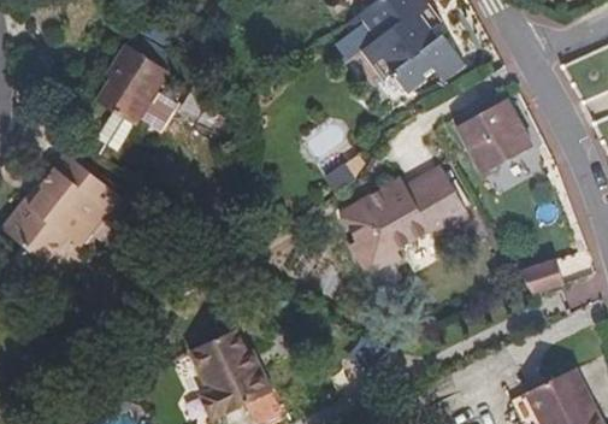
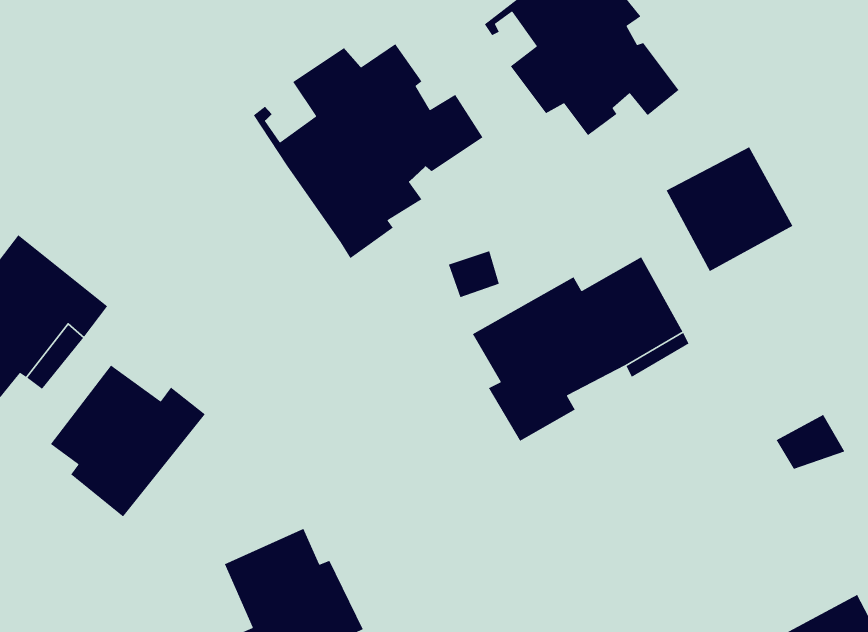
building: none -> [253,43,483,259]
building: [98,43,169,124] -> none
building: none -> [50,365,206,517]

